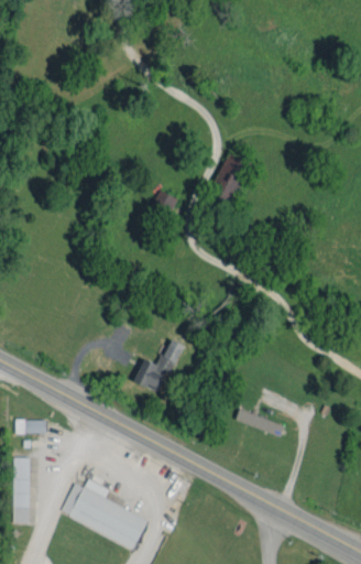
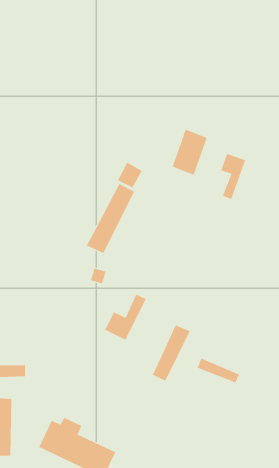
building: none -> [220,153,246,200]
building: none -> [86,183,135,254]
building: none -> [152,325,191,382]

